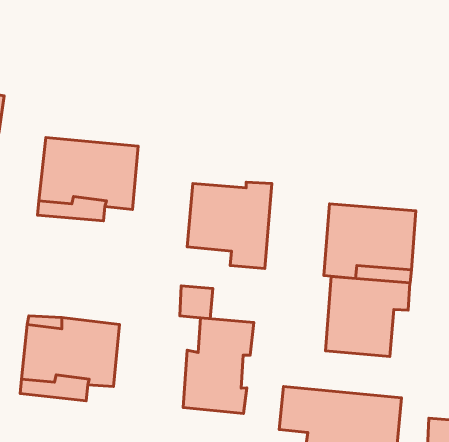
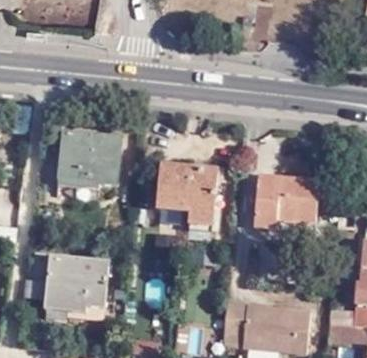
building: [326,277,410,356] -> none
building: [183,318,254,413] -> none

